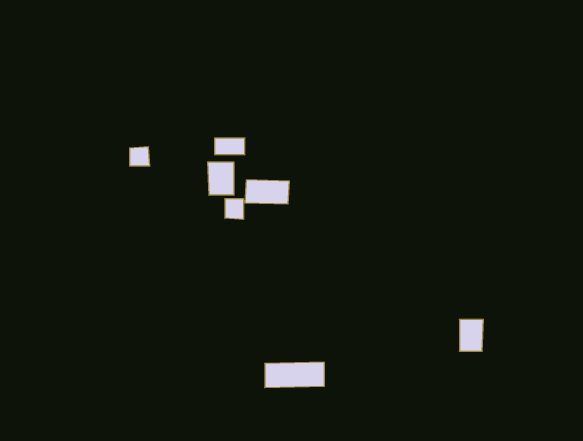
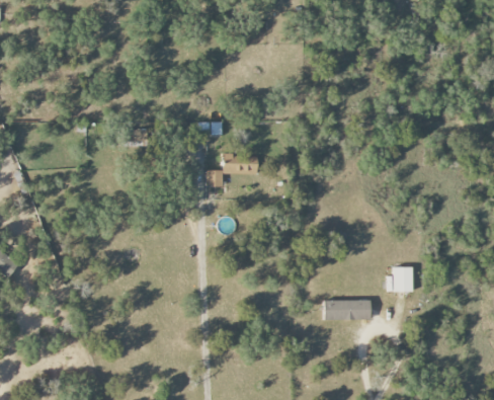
building: [208,162,234,195] -> none
building: [265,362,324,388] -> [324,300,372,320]

